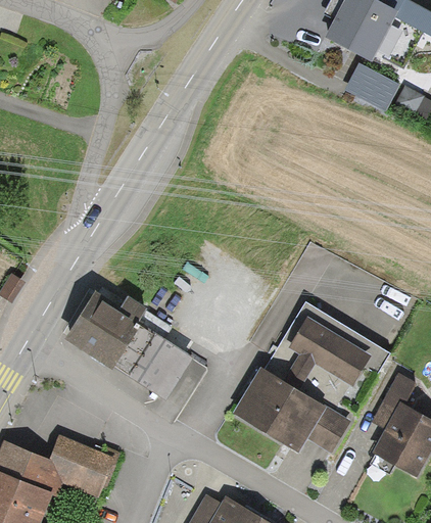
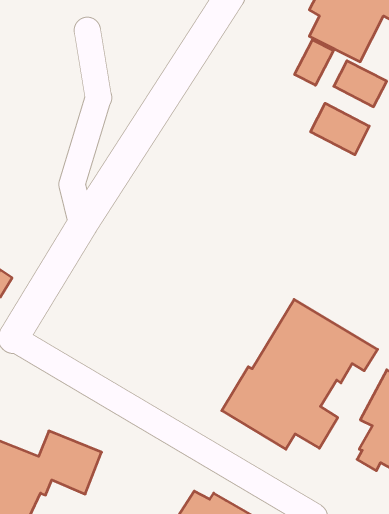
building: none -> [295,40,333,85]
building: none -> [311,103,369,155]
building: [66,293,193,398] -> none

